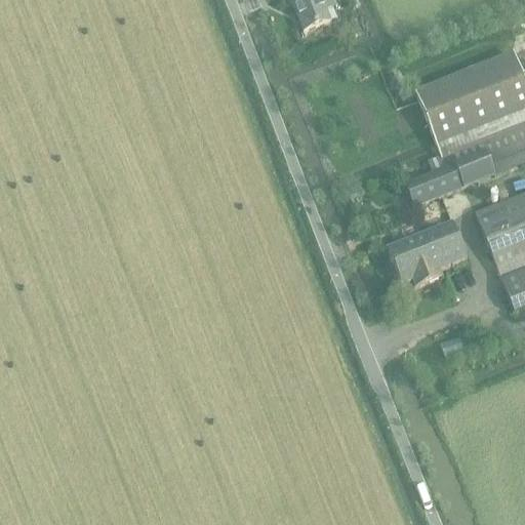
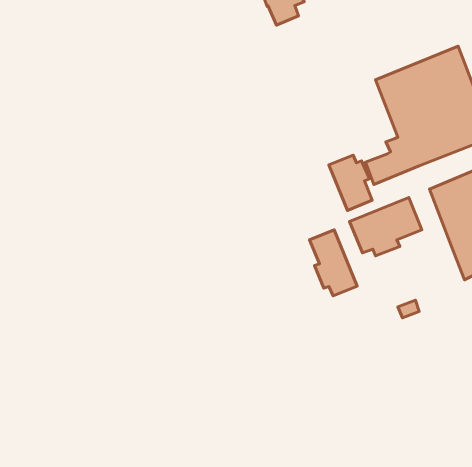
building: none -> [329,155,372,210]
building: none -> [310,230,357,296]

